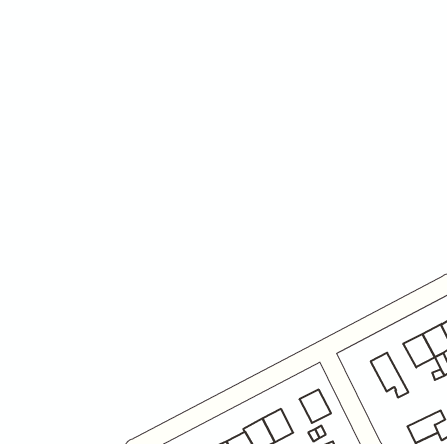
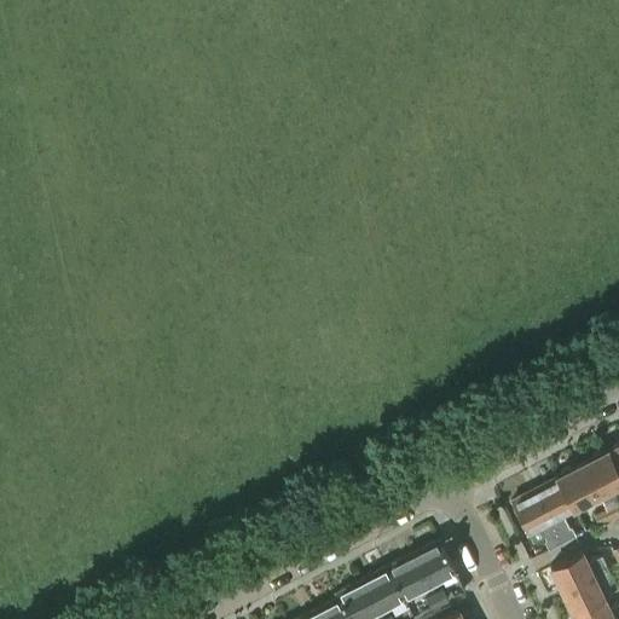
building: none -> [536,480,578,546]
building: none -> [553,555,609,594]
building: none -> [389,556,432,602]

